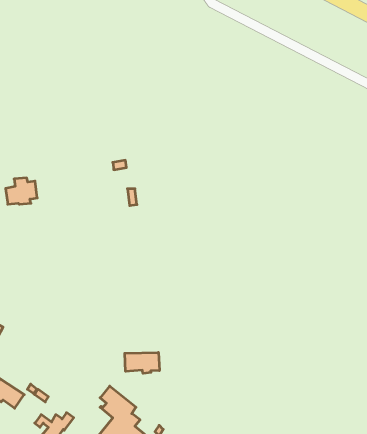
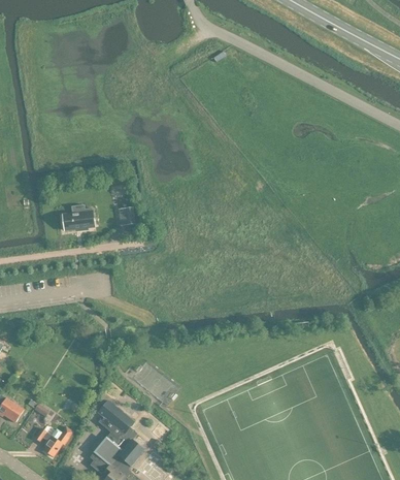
building: [6,178,37,204] -> [63,204,94,230]
building: [125,352,159,373] -> none

